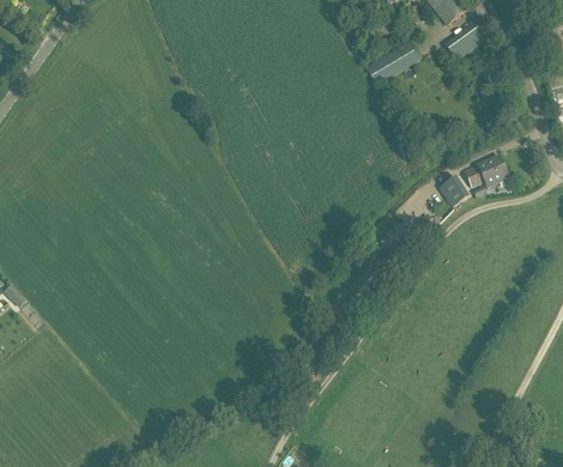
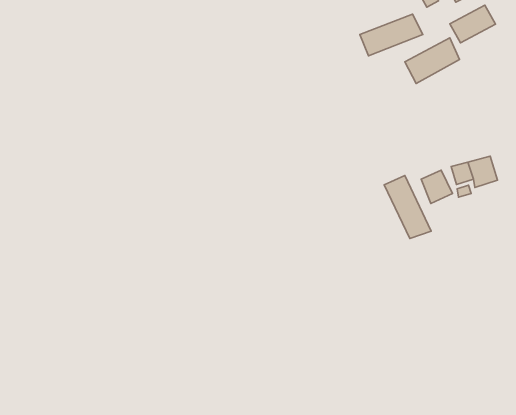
building: none -> [405,38,459,84]
building: none -> [384,175,431,239]

